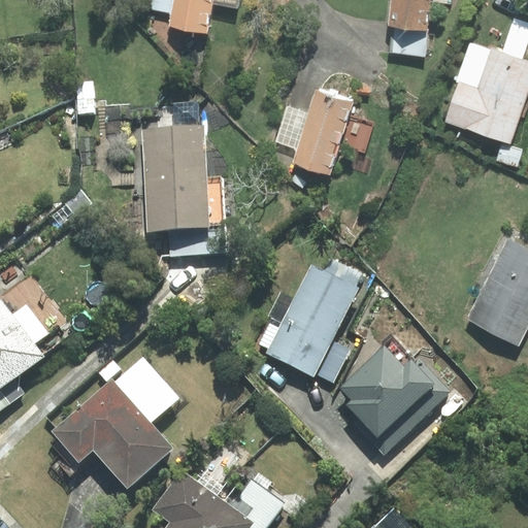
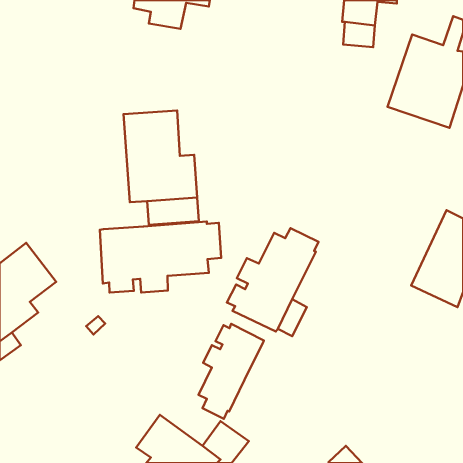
building: [274,91,373,173] -> none
building: none -> [100,222,221,293]
building: [340,346,450,454] -> none
building: [53,359,174,487] -> none
building: none -> [198,324,264,419]

